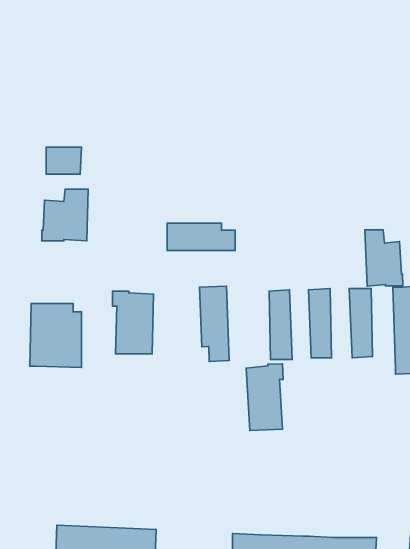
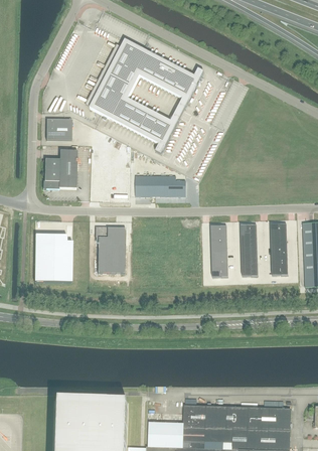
building: none -> [89,39,202,153]
building: [365,230,403,286] -> none
building: [200,286,229,361] -> none
building: [246,364,283,430] -> none

